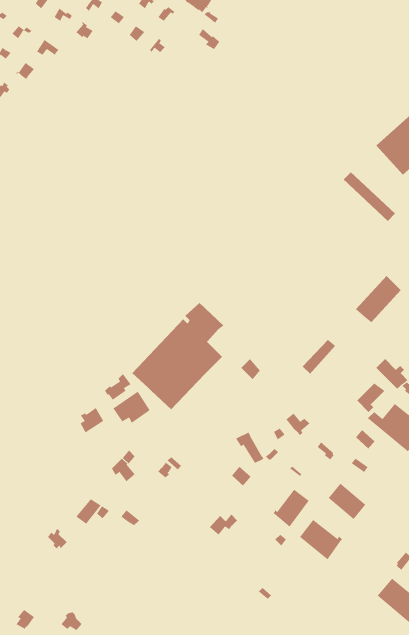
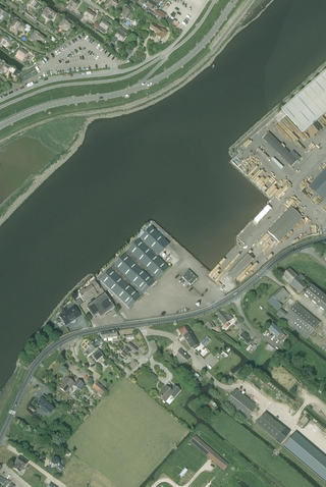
building: [328,483,366,520] -> [256,412,284,439]
building: [273,489,309,527] -> none

